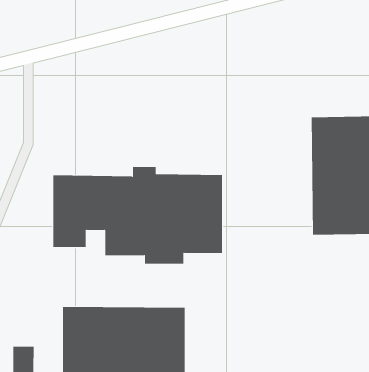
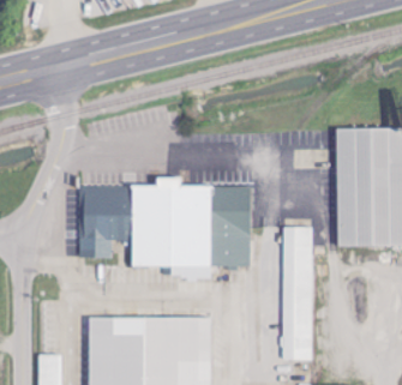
building: none -> [282,225,312,359]

